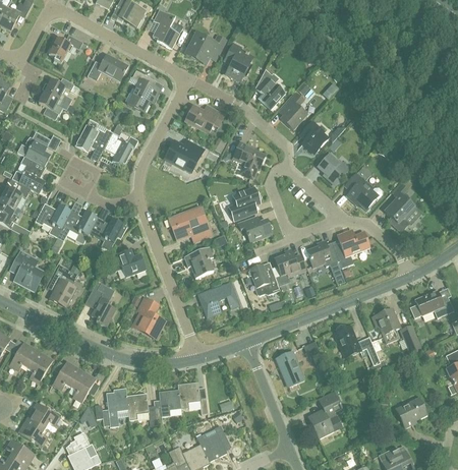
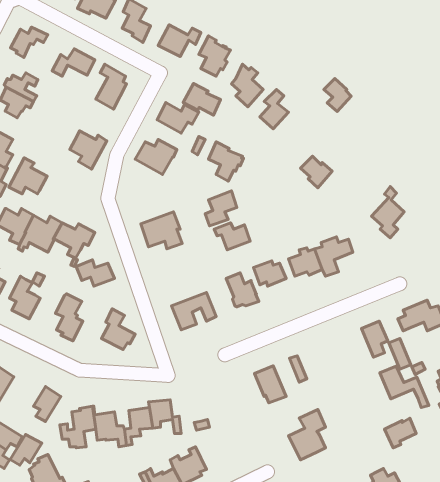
building: none -> [183,84,220,115]
building: [74,118,110,152] -> [9,158,47,194]
building: [301,122,327,153] -> [324,79,351,111]
building: [345,165,381,209] -> none
building: [183,246,213,277] -> none
building: [334,326,380,364] -> [380,366,429,408]
building: [51,361,80,390] -> [10,434,42,465]

